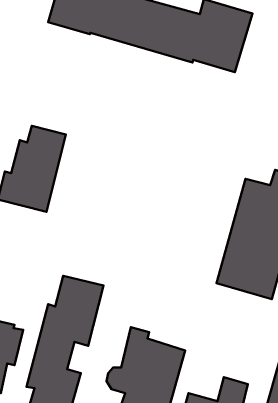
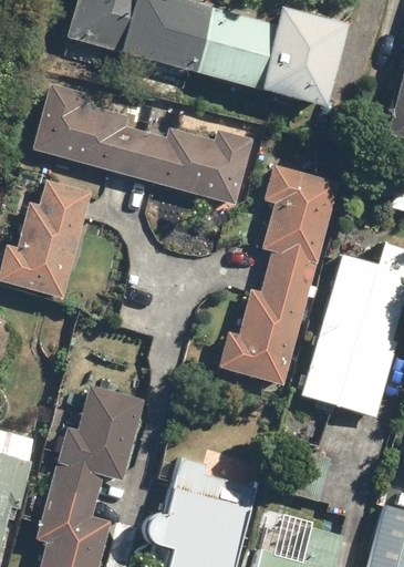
building: none -> [33,84,251,205]
building: none -> [219,166,338,384]

